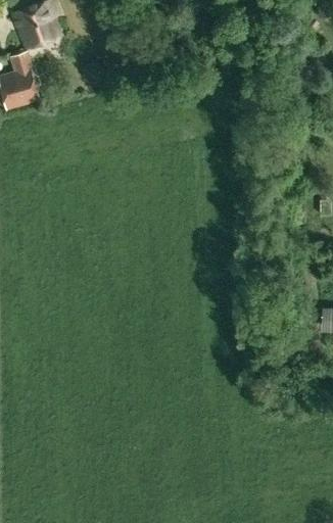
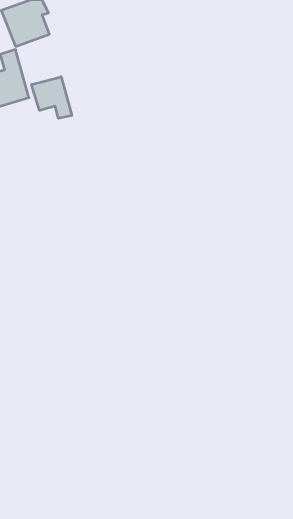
building: none -> [32,77,72,118]

